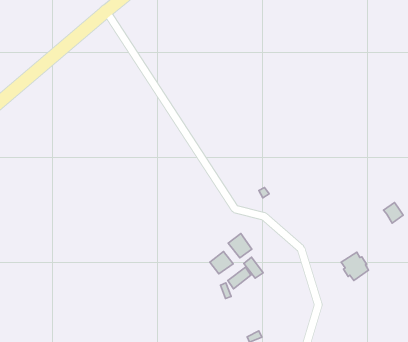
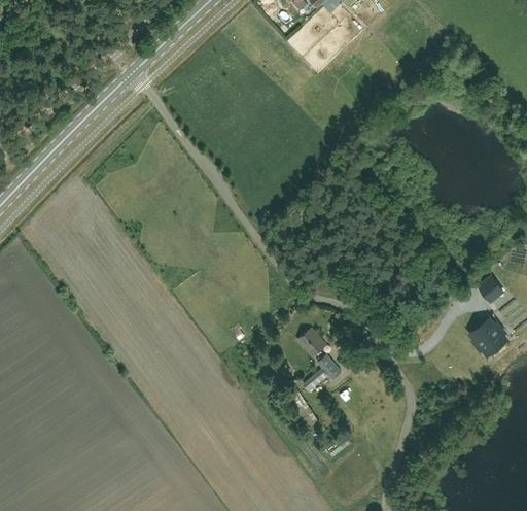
building: [210,251,233,274] -> none
building: [341,252,369,281] -> [464,321,497,355]

